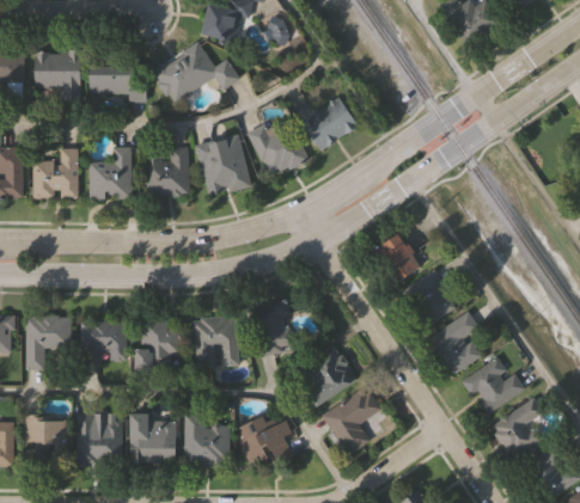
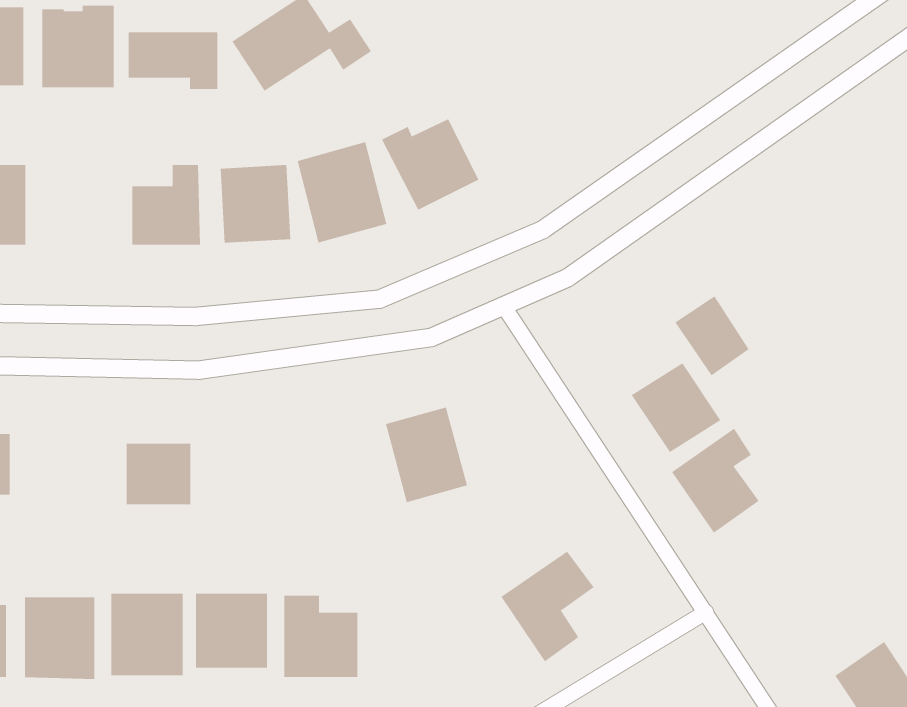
building: [301,97,358,149] -> none
building: [32,148,79,198] -> none
building: [374,232,421,282] -> [675,295,749,376]
building: [28,315,73,369] -> none
building: [195,315,240,367] -> none
building: [140,317,183,368] -> none
building: [292,344,355,405] -> none
building: [462,356,525,415] -> none
building: [489,397,545,460] -> none
building: [236,412,294,465] -> none

